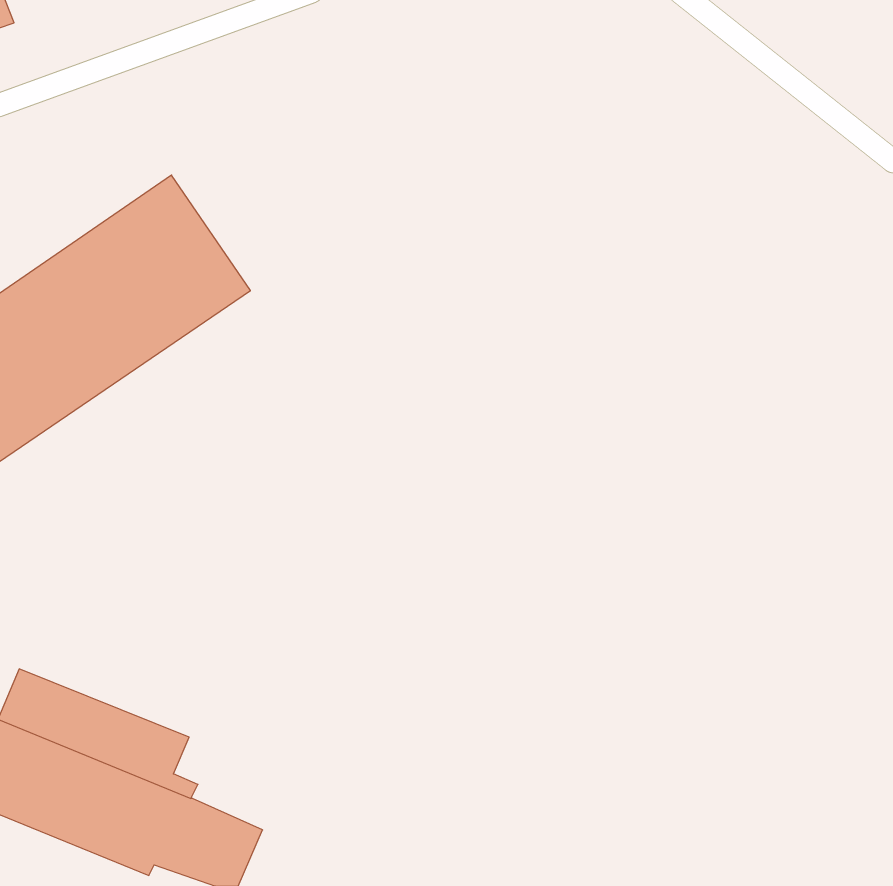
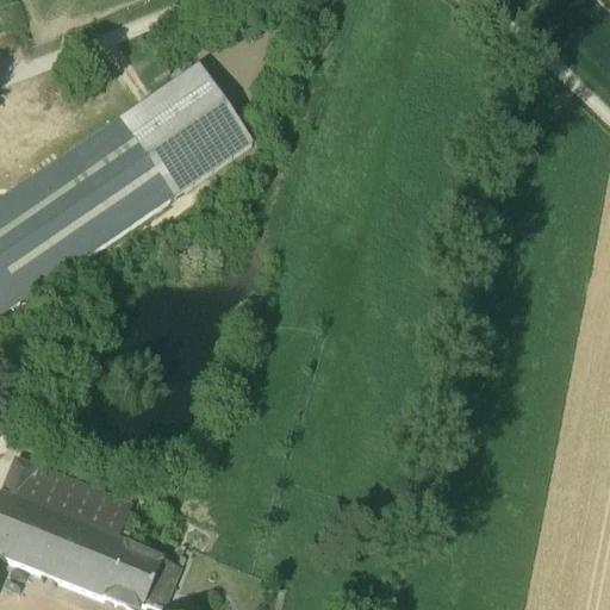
building: none -> [117,64,249,198]

